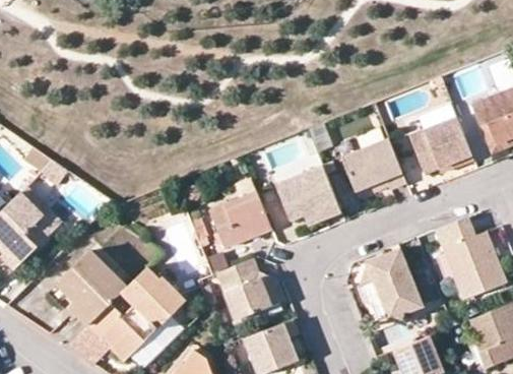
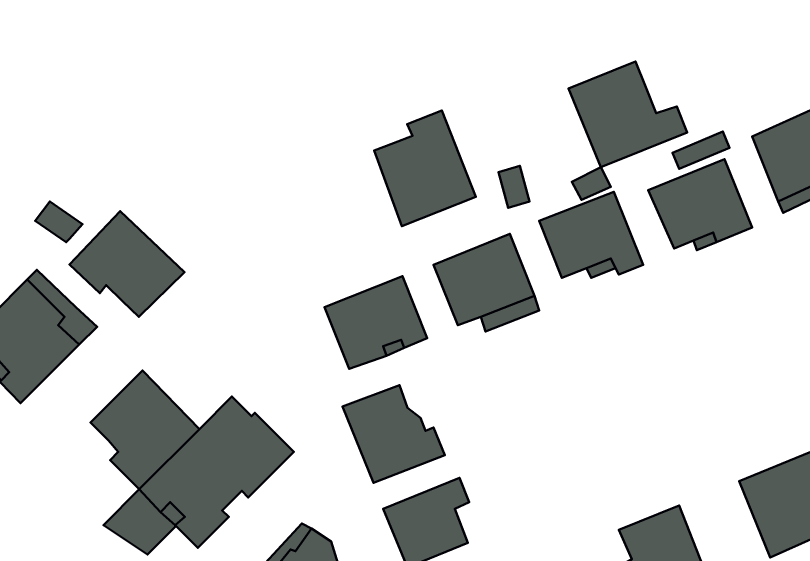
building: none -> [568,61,687,167]
building: none -> [374,111,476,226]
building: none -> [70,211,184,317]
building: [433,215,503,300] -> none
building: [351,247,420,318] -> none

